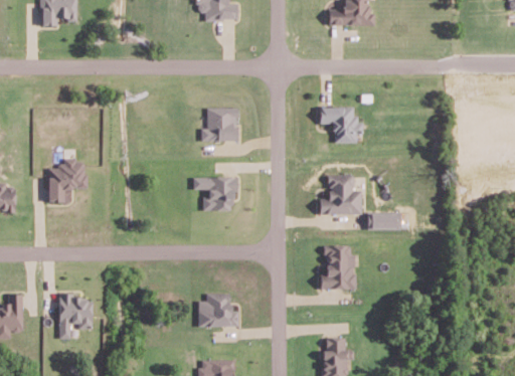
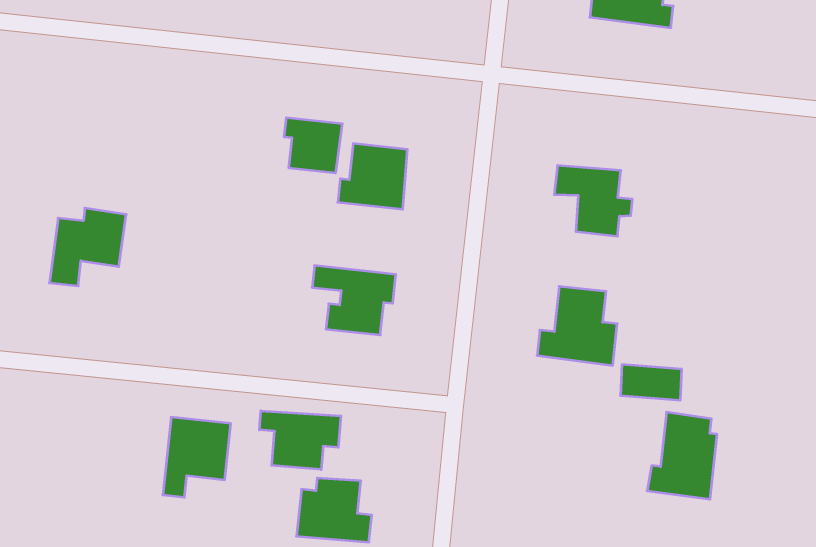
building: none -> [284,118,342,173]
building: [320,244,355,290] -> [647,412,717,499]
building: none -> [259,411,341,470]
building: [58,296,92,339] -> [163,417,231,497]

